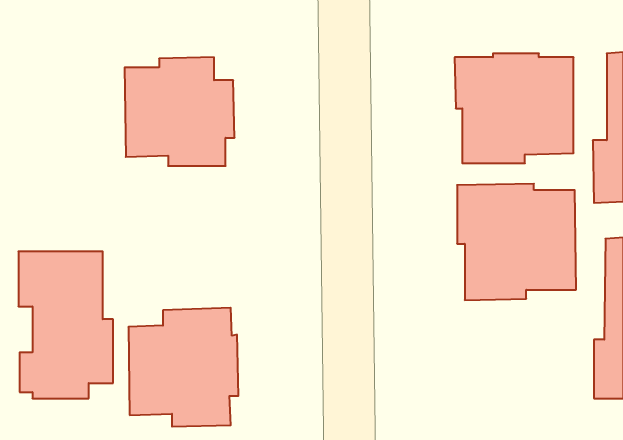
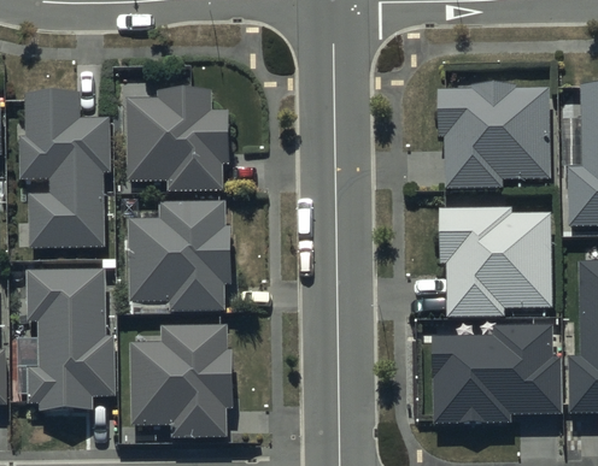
building: none -> [19,90,111,247]
building: none -> [128,201,230,311]
building: none -> [432,324,558,423]

